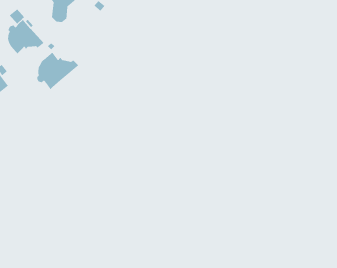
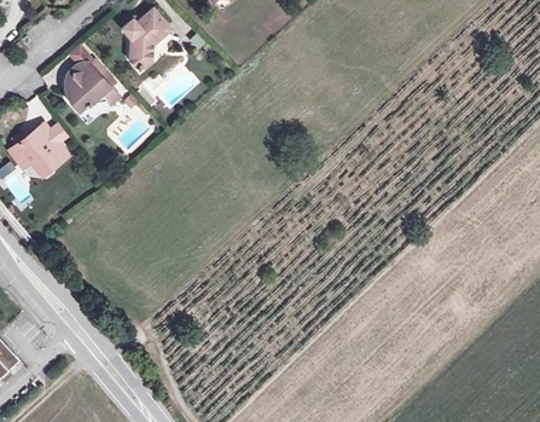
building: [36,51,79,90] -> none

